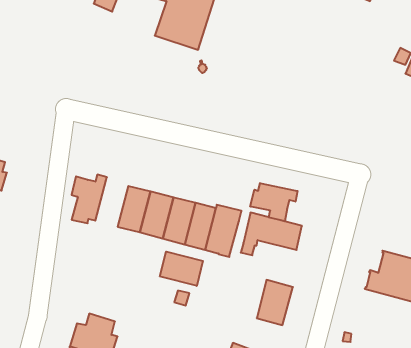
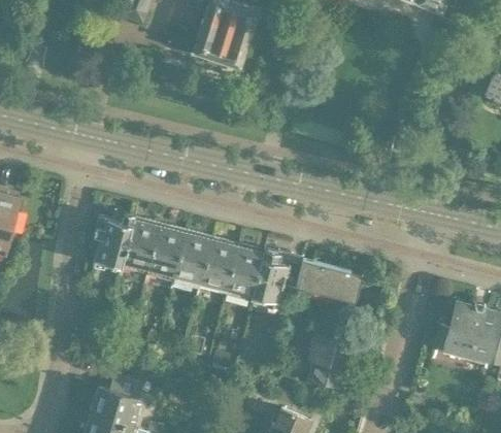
building: none -> [122,221,160,275]
building: [250,183,298,221] -> none
building: [160,252,203,286] -> none

